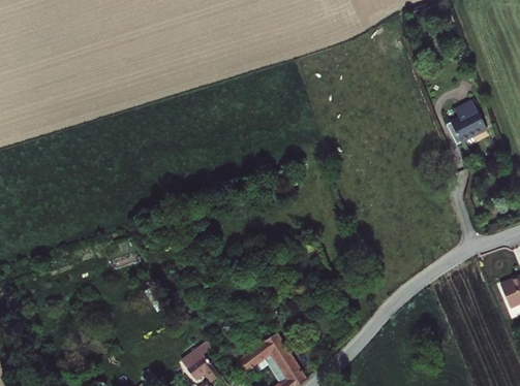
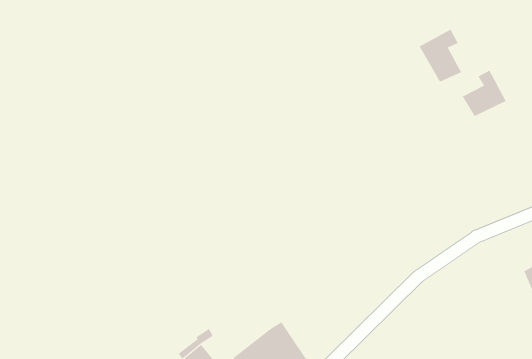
building: none -> [419,29,462,82]

